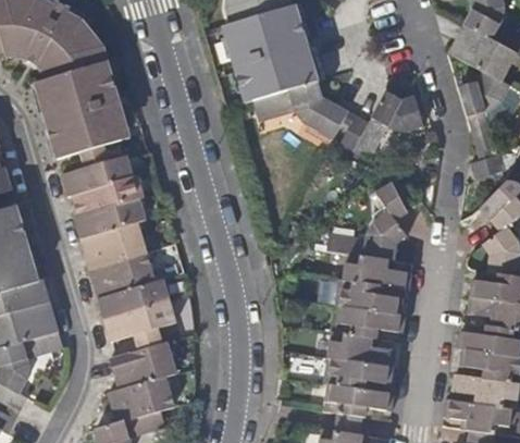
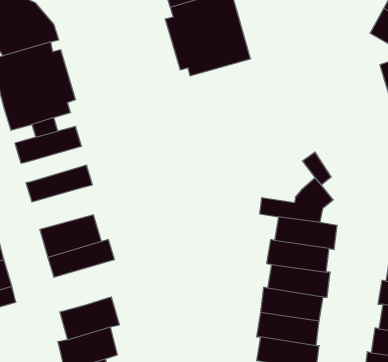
building: [252,81,348,140] -> none
building: [339,93,422,160] -> none
building: [73,174,144,216] -> none
building: [79,221,147,268] -> none
building: [103,300,176,342] -> none

